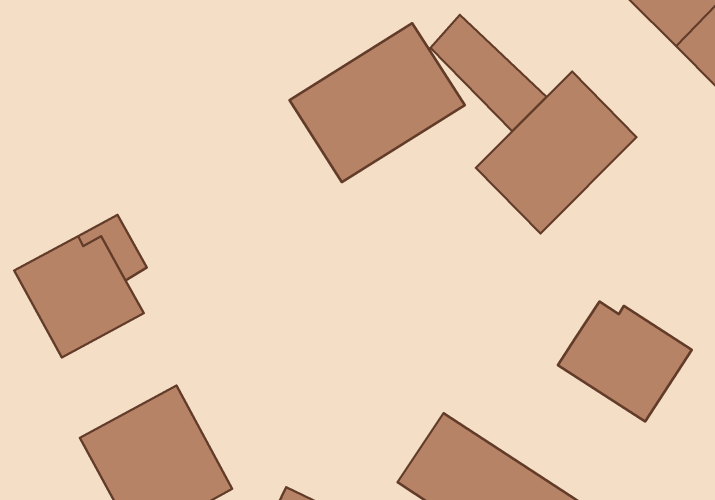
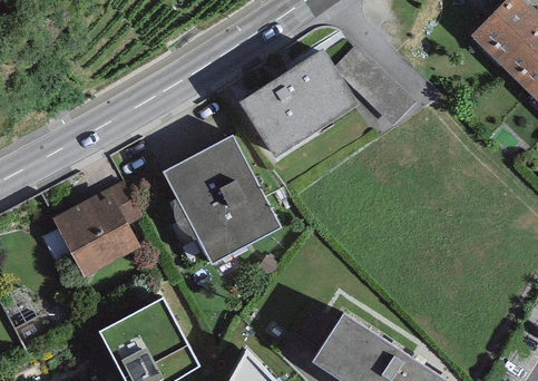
building: [476,71,637,234] -> none
building: none -> [163,136,280,263]
building: [558,302,692,421] -> none

